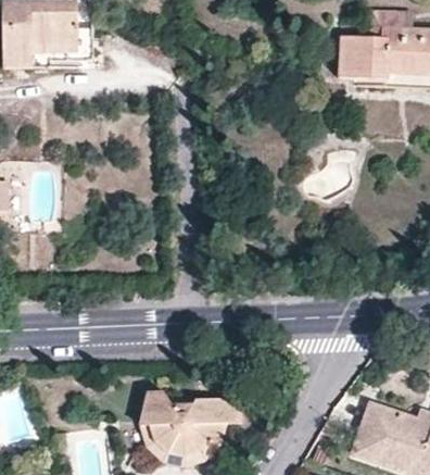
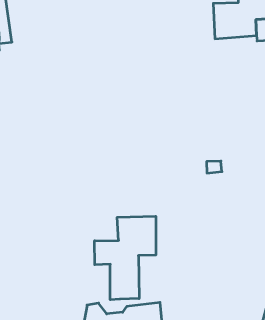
building: none -> [95,216,156,300]

